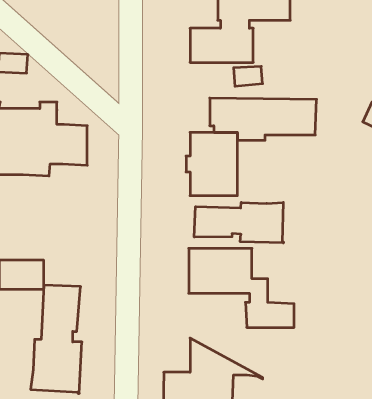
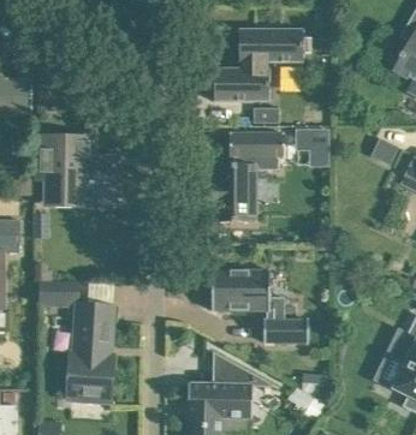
building: [194,202,283,243] -> none

